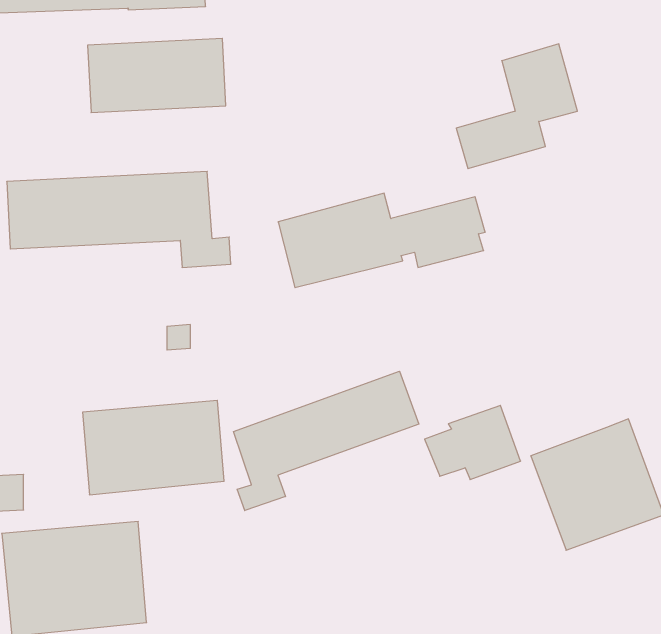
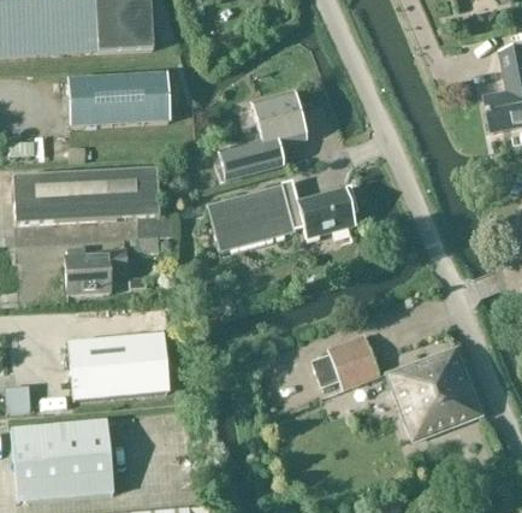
building: [456,44,577,169] -> [220,89,307,178]
building: none -> [65,247,126,293]
building: [234,371,419,511] -> none

